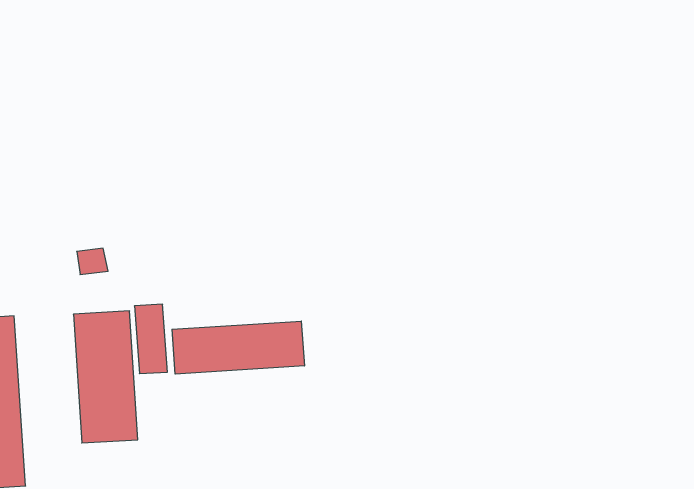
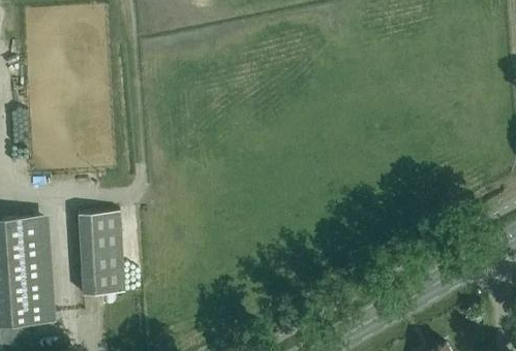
building: [172,321,304,374] -> none

